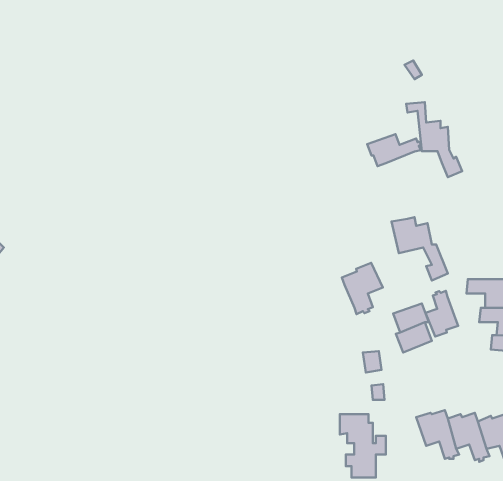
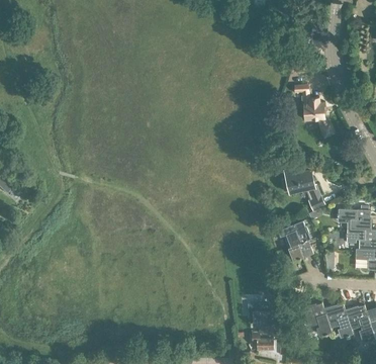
building: [367,134,421,166] -> none
building: [342,263,383,314] -> none
building: [425,291,458,337] -> none

